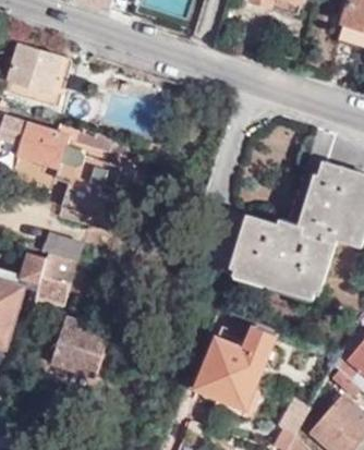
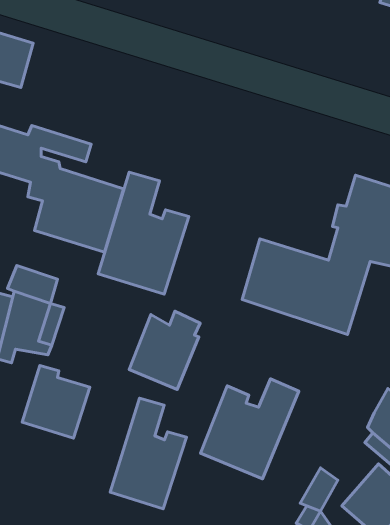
building: none -> [98,172,189,294]
building: none -> [129,311,200,390]
building: none -> [110,398,186,509]

